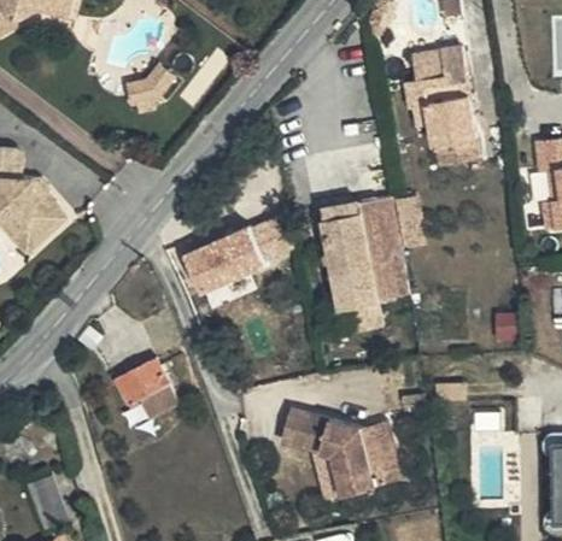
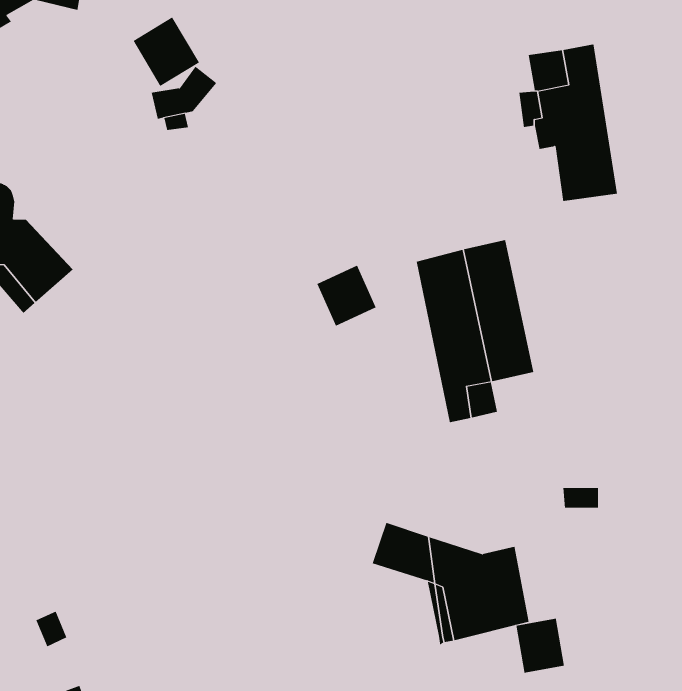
building: none -> [133,17,200,87]
building: [182,224,262,292] -> none
building: [116,358,178,416] -> none
building: none -> [516,618,565,674]

